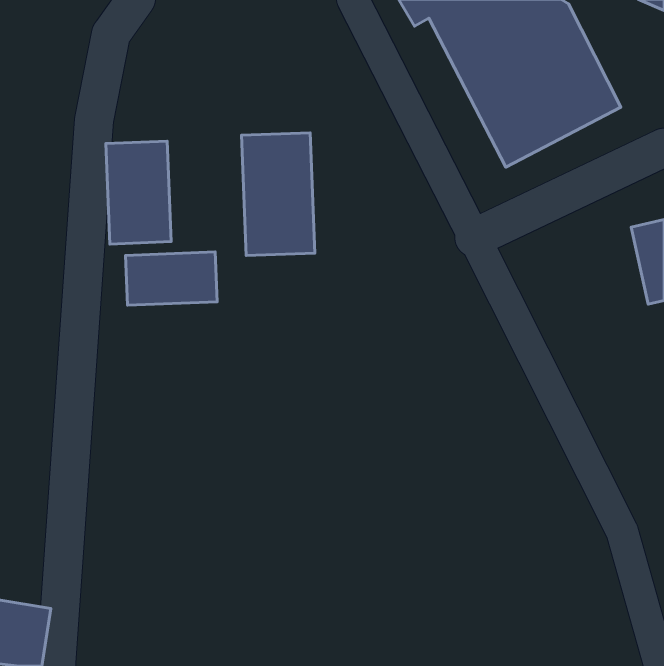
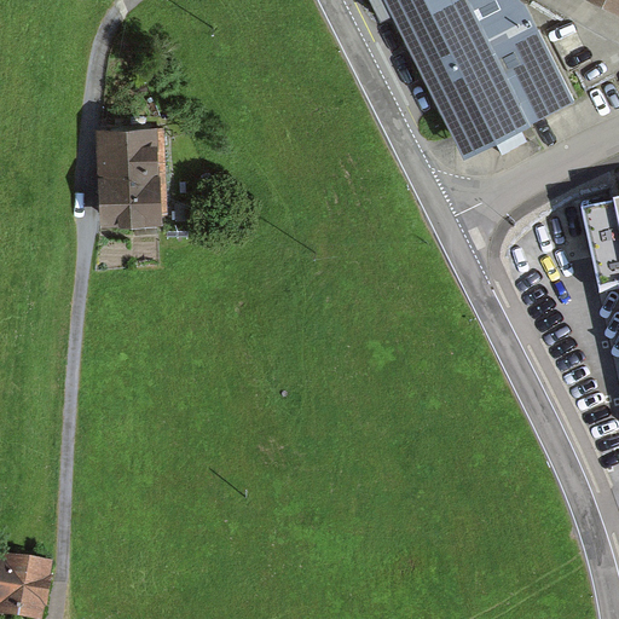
building: [242,133,315,255] -> none
building: [126,252,217,305] -> none

